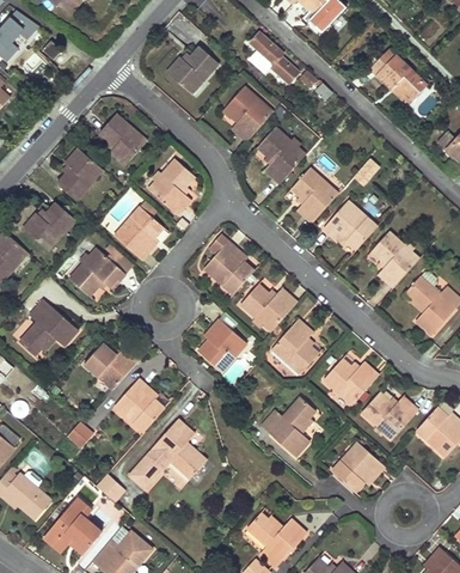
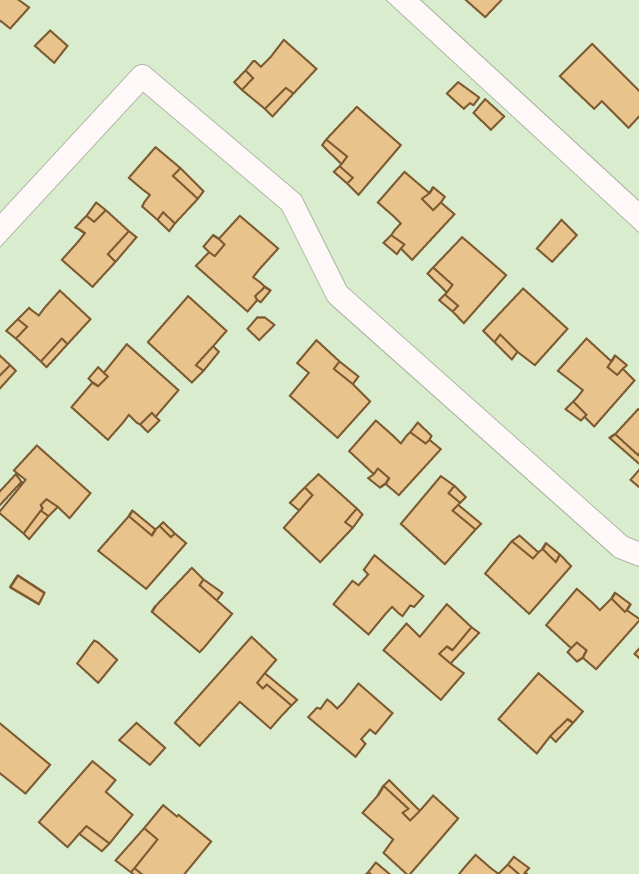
building: [250,31,300,84] -> none
building: none -> [334,555,424,634]
building: none -> [308,684,392,757]

